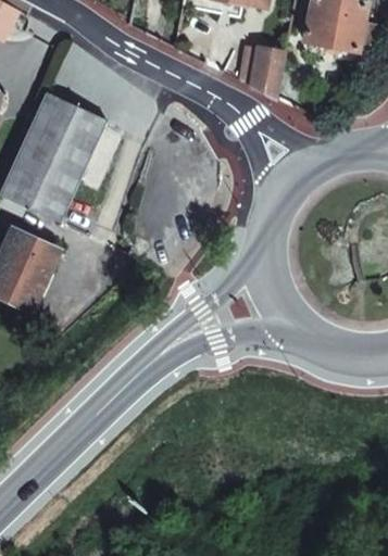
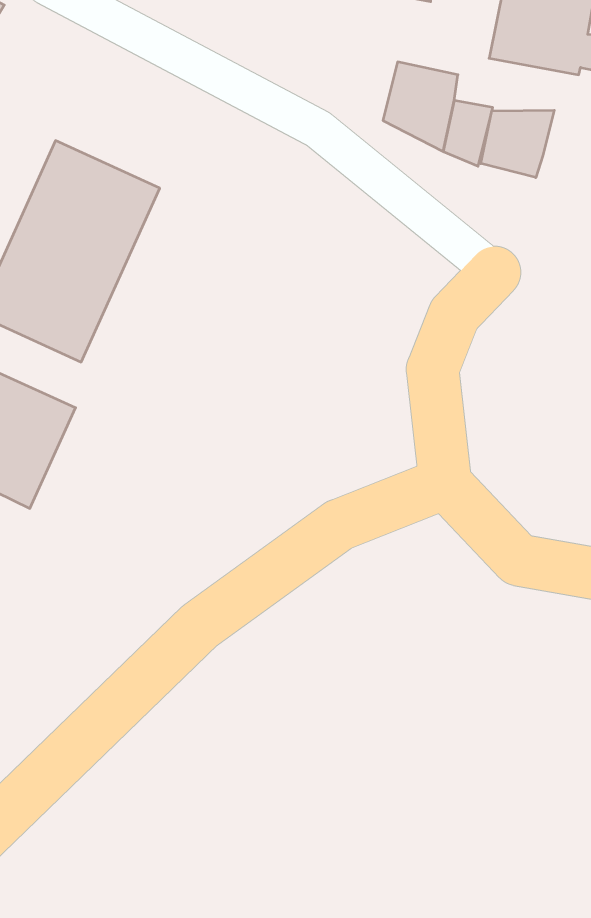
building: none -> [481,110,554,178]

